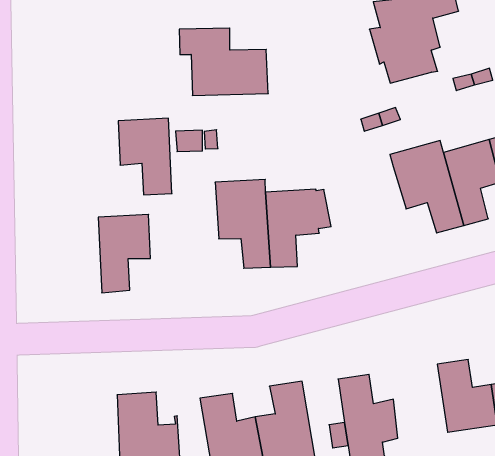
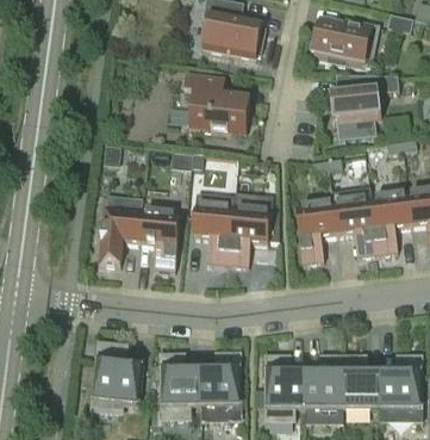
building: [118,118,172,195] -> [138,210,180,271]
building: none -> [294,202,336,262]
building: none -> [304,355,342,408]

